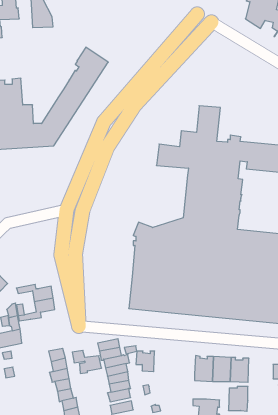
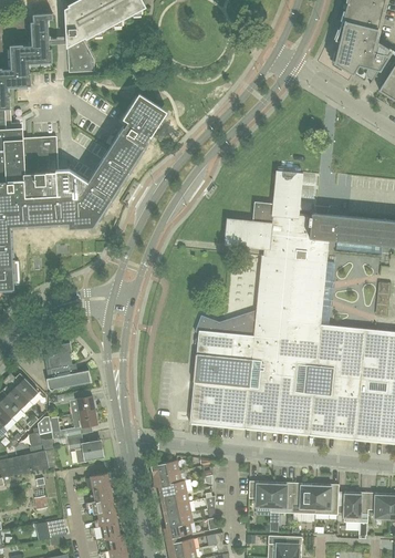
building: none -> [45,343,92,390]
building: [72,350,102,373] -> [67,434,104,463]
building: [136,351,155,372] -> [249,482,272,507]
building: none -> [35,518,67,540]
building: [228,386,248,411] -> [344,493,368,524]

